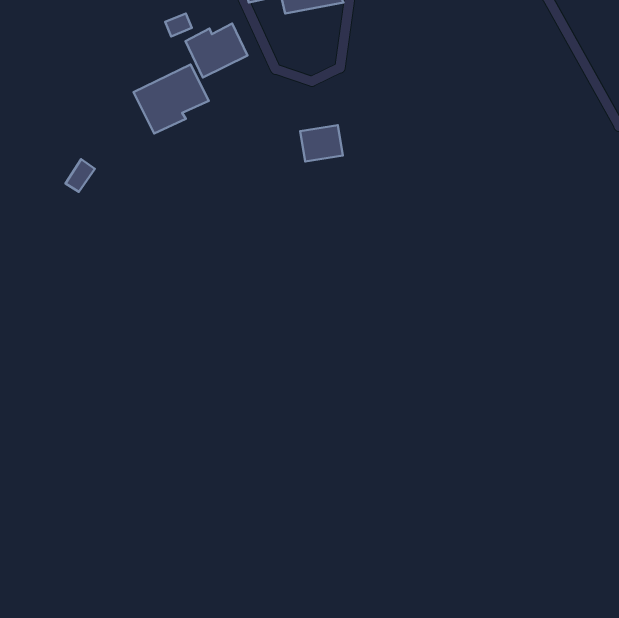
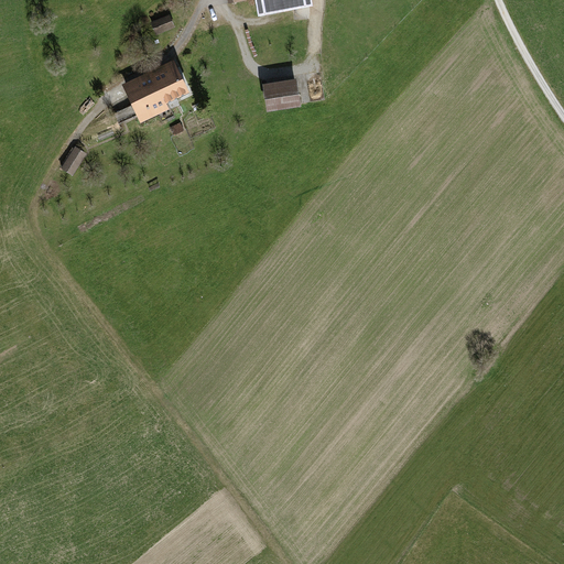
building: [185,24,248,77] -> none
building: [300,125,343,162] -> [262,77,301,110]

